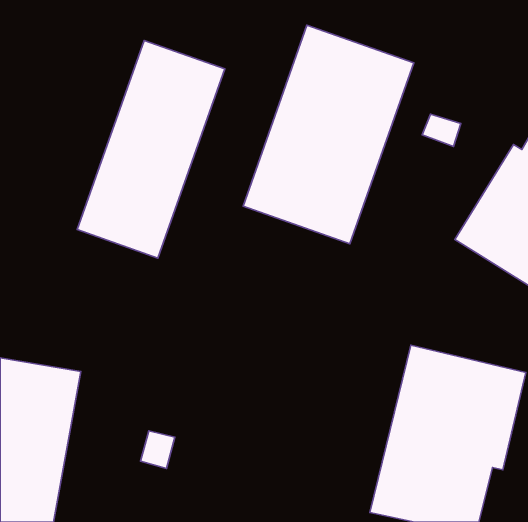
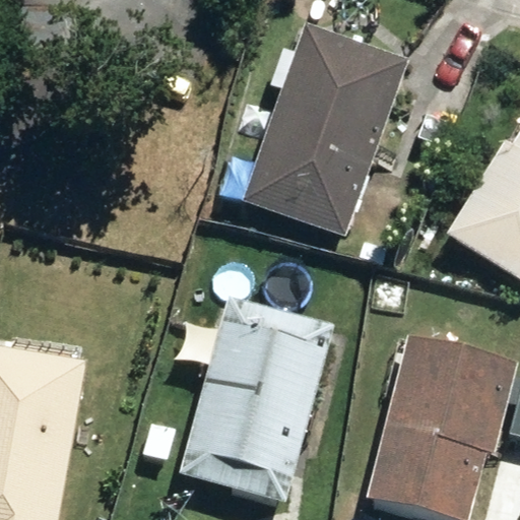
building: [77,40,225,258] -> none
building: none -> [179,297,334,502]

